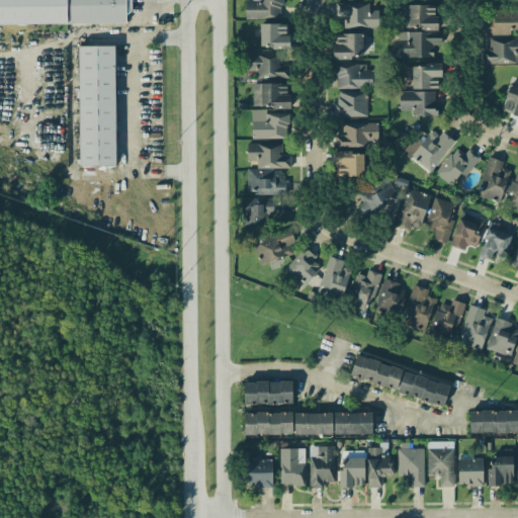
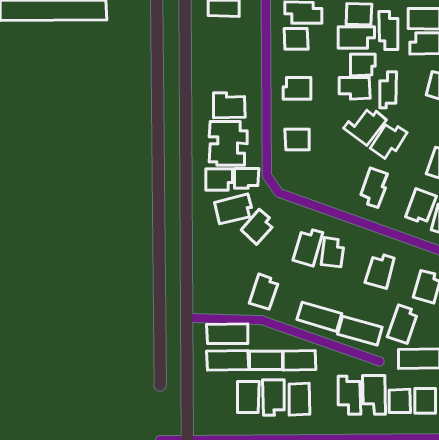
building: none -> [379,11,398,50]
building: [260,23,289,48] -> none
building: [79,46,116,166] -> none
building: [246,54,290,78] -> none
building: [336,66,372,89] -> none
building: [253,83,290,108] -> none
building: none -> [380,72,397,108]
building: [335,122,378,148] -> none
building: [476,157,511,202] -> none
building: [356,176,398,217] -> none
building: [394,187,431,231] -> none
building: none -> [234,169,259,188]
building: [450,212,486,251] -> none
building: [319,256,352,297] -> [249,274,278,309]
building: [401,284,435,331] -> none
building: [457,305,492,350] -> [387,305,417,344]
building: [367,447,394,488] -> none
building: [247,452,273,487] -> none

